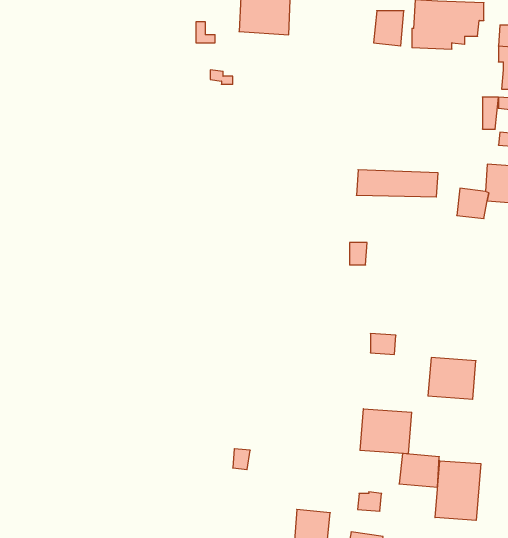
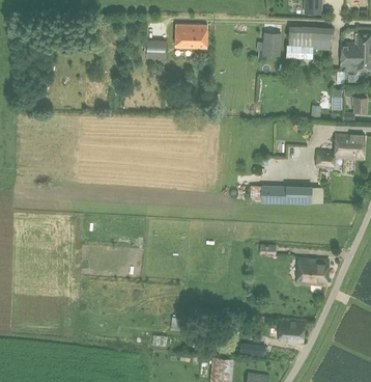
building: [356,170,438,197] -> [260,185,313,202]
building: [360,409,412,454] -> none
building: [435,461,481,520] -> none

